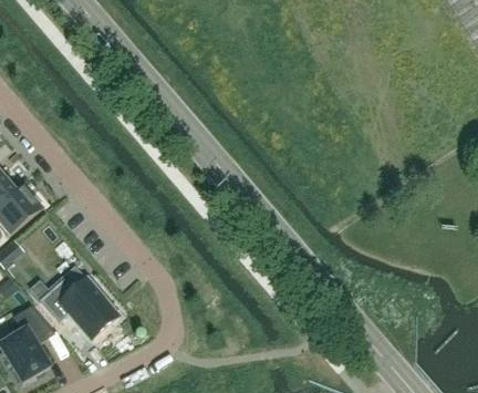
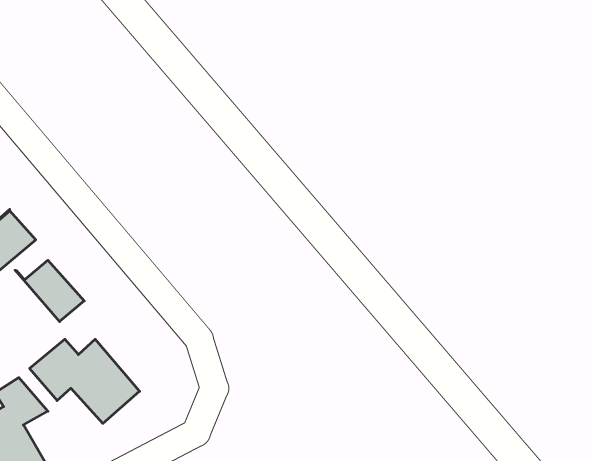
building: none -> [15,260,84,322]

